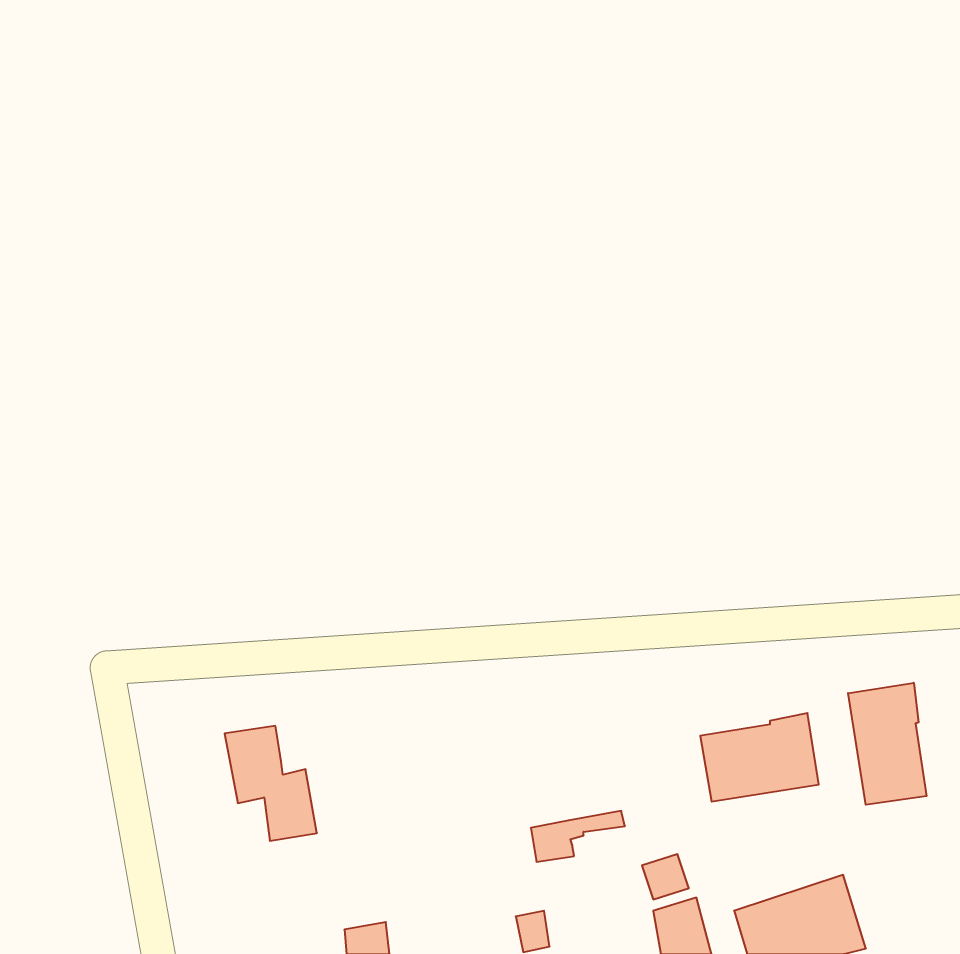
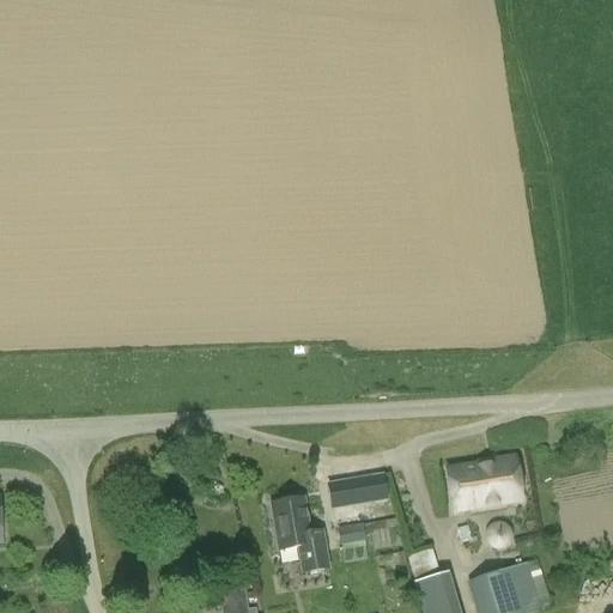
building: [848,683,927,805] -> none
building: [225,726,317,841] -> [272,498,330,571]
building: none -> [329,475,386,506]

